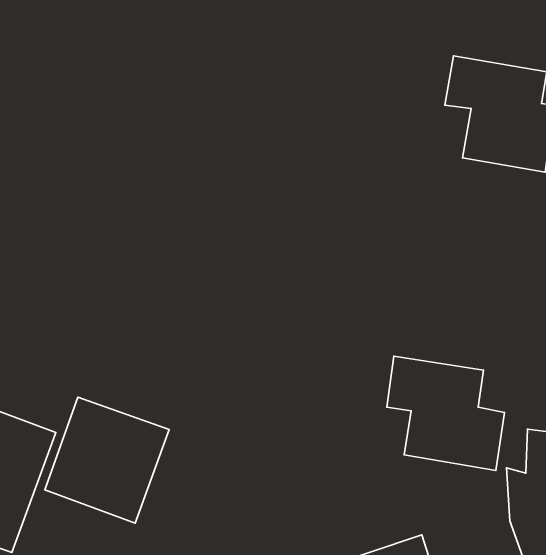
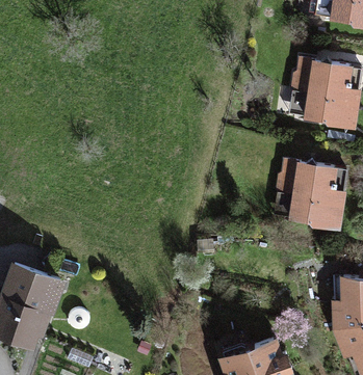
building: [387,356,505,471] -> [277,160,346,227]
building: [45,397,169,523] -> none

